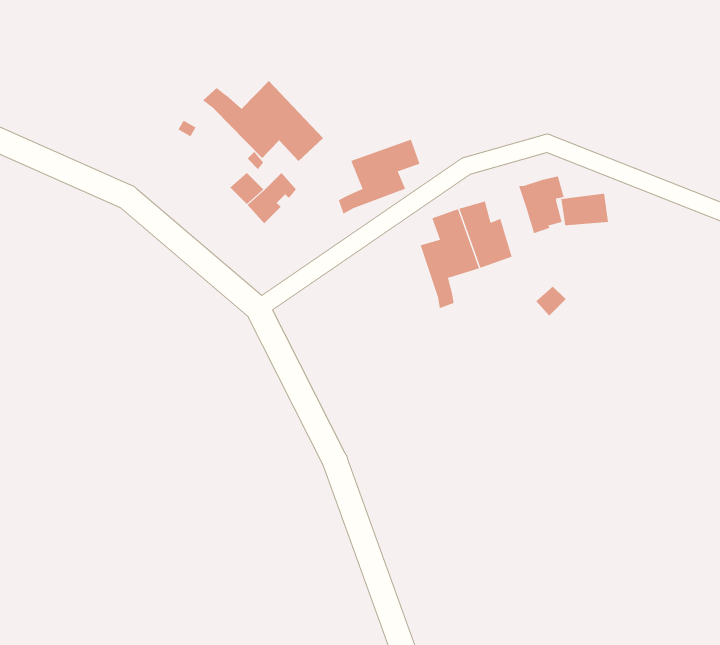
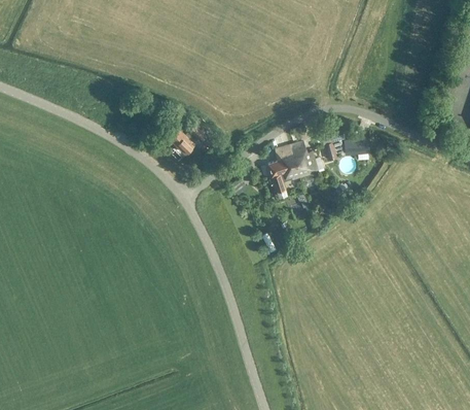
building: [202,80,324,162] -> none
building: [338,139,420,214] -> none

